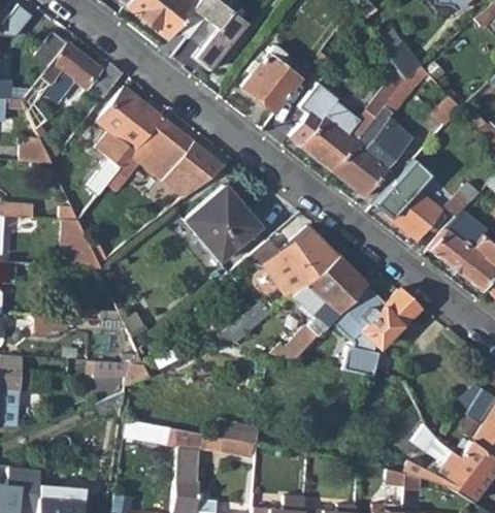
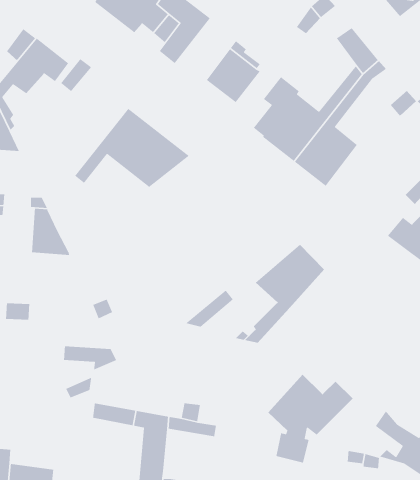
building: [88,88,162,195] -> none
building: [376,157,443,239] -> none
building: [186,187,260,261] -> none
building: [250,225,339,299] -> none
building: [329,283,418,376] -> [267,374,353,464]

